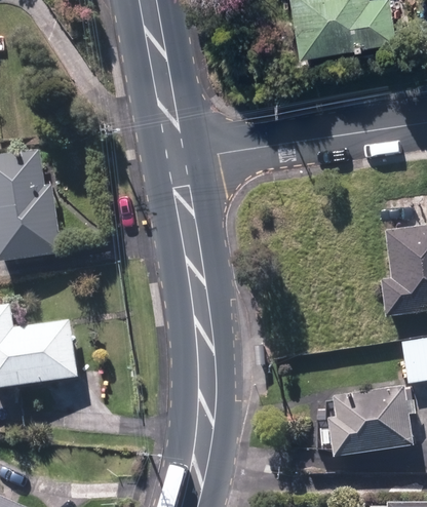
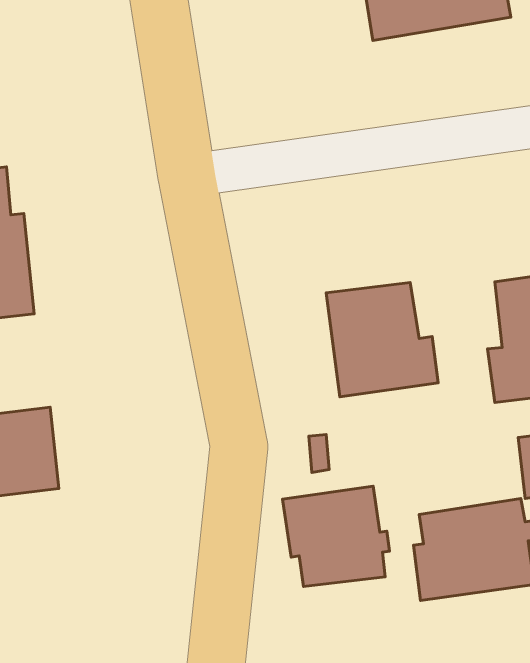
building: none -> [326,282,438,397]
building: none -> [283,486,389,587]

